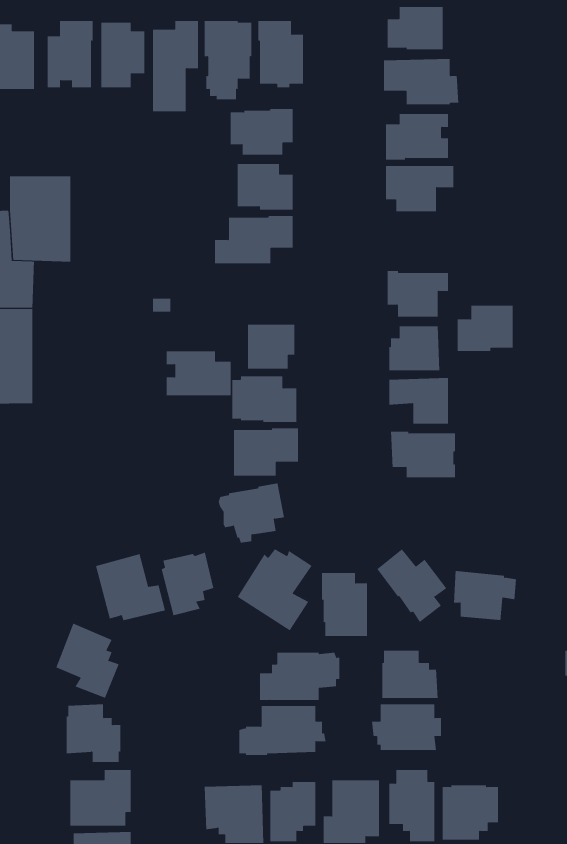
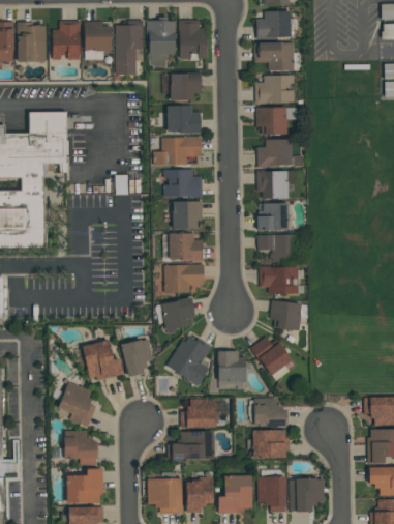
building: [457,305,514,352] -> [257,139,292,167]
building: [166,351,232,396] -> [163,170,203,197]
building: [453,570,517,620] -> [270,300,308,330]

